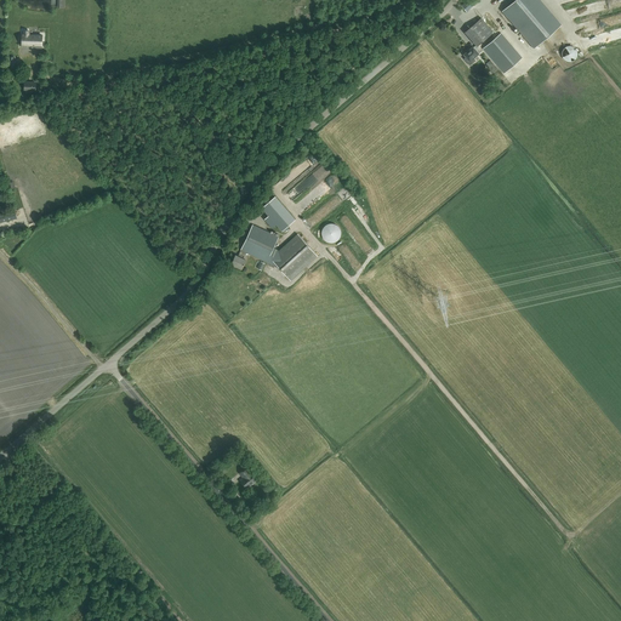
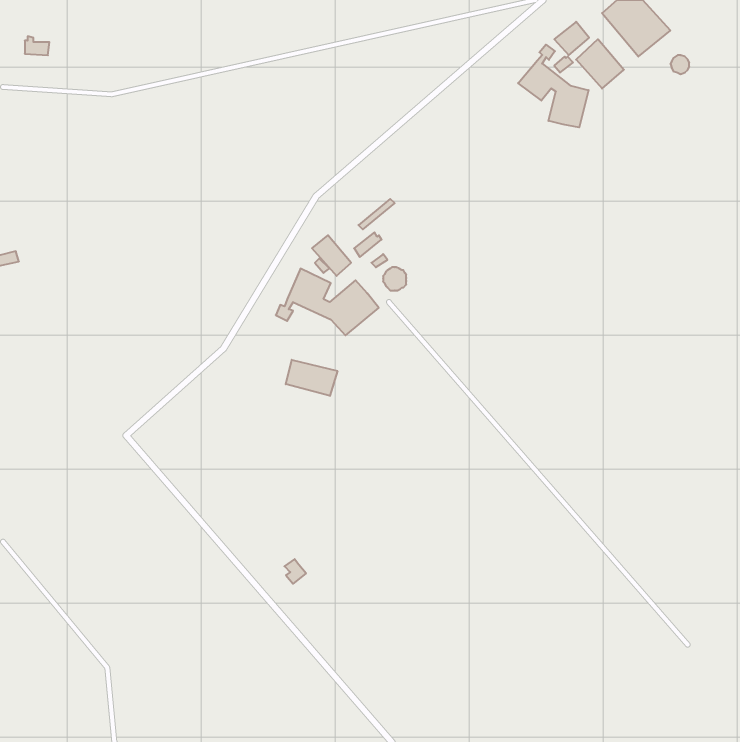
building: none -> [518,45,589,127]
building: none -> [286,360,337,396]

